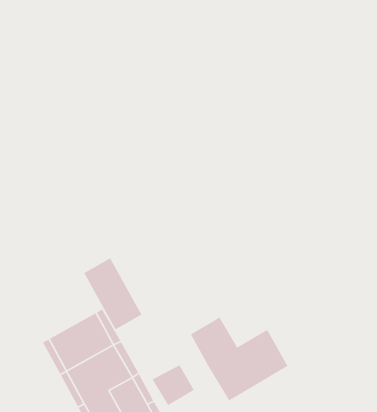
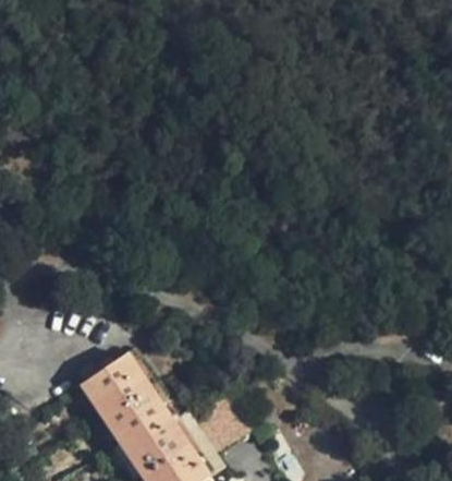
building: [83,257,142,330] -> none
building: [190,317,289,401] -> none

